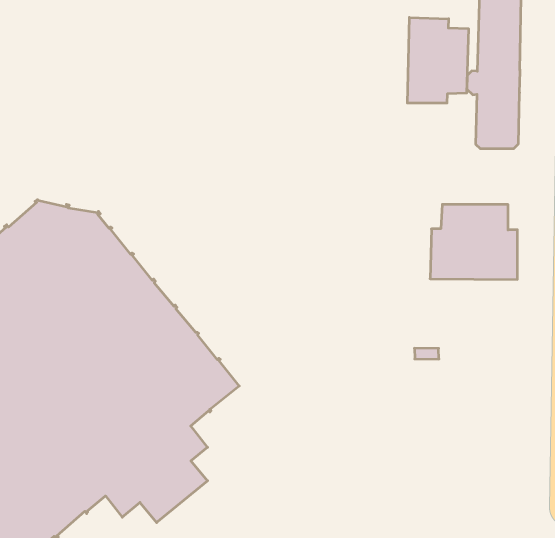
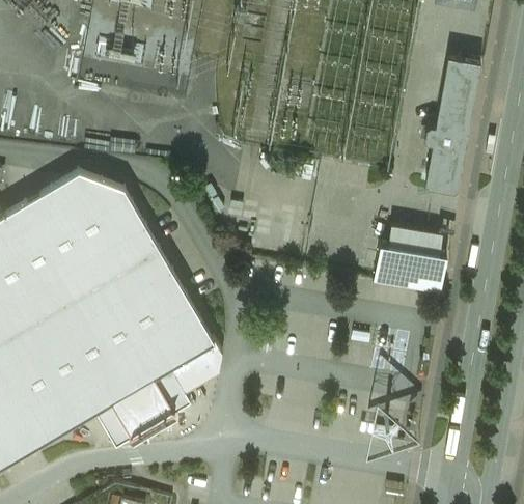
building: [407,17,468,103] -> none
building: none -> [169,343,223,396]

